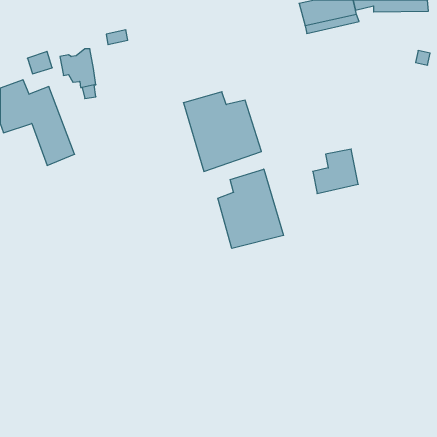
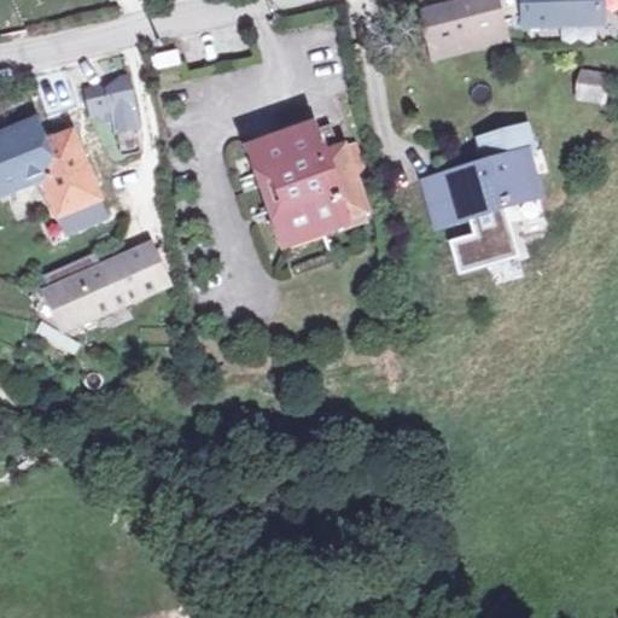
building: none -> [420,124,532,225]
building: [218,169,284,248] -> none
building: none -> [45,250,167,330]

